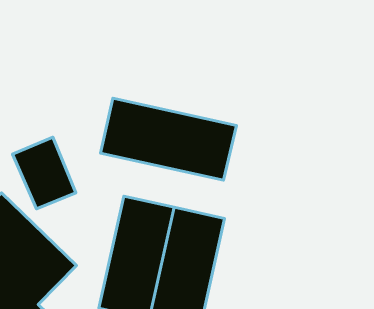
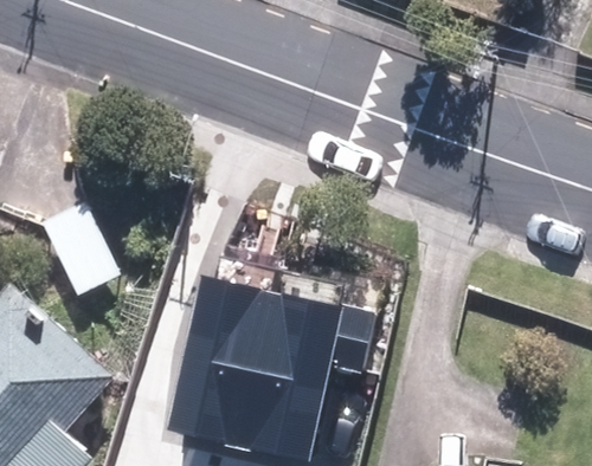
building: [101,98,237,180] -> none

